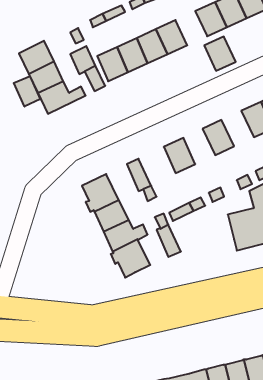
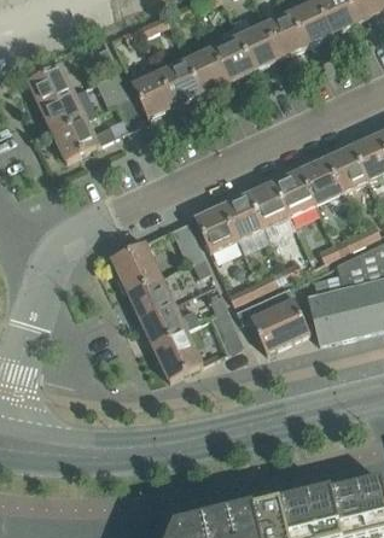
building: [204,37,236,71] -> [237,23,279,69]
building: [14,76,40,107] -> none
building: none -> [298,157,342,204]
building: none -> [248,181,290,228]
building: none -> [193,205,237,252]
building: none -> [235,287,309,352]

